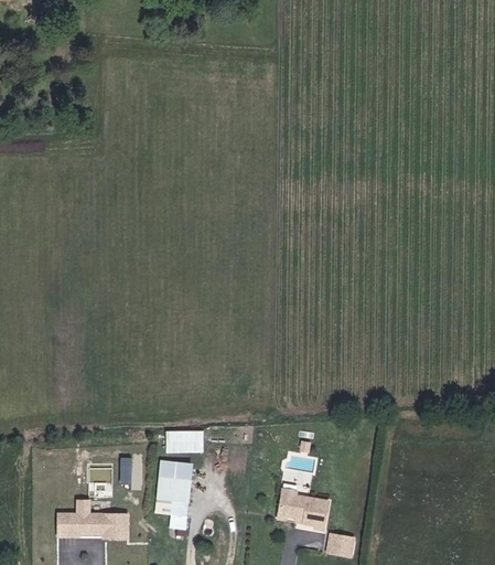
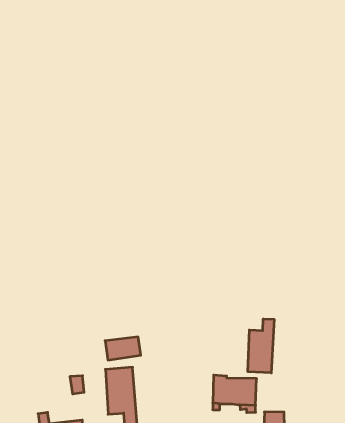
building: none -> [248,319,274,373]

